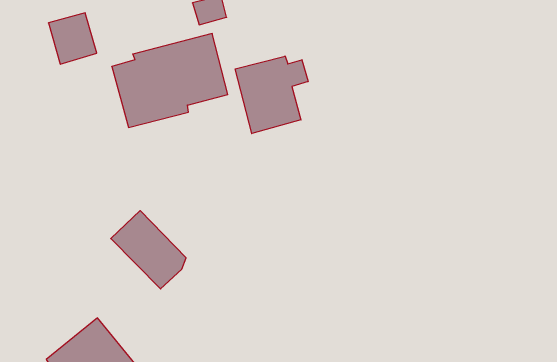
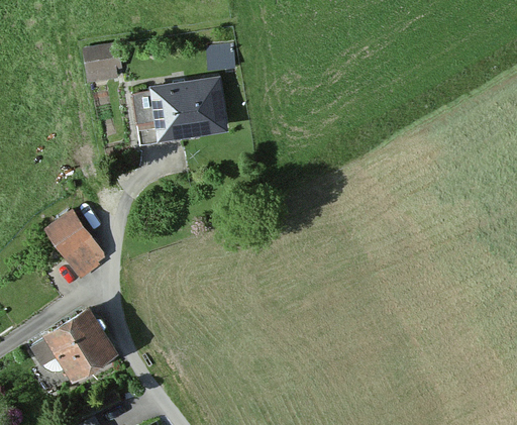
building: [235,56,308,134] -> none
building: [111,211,186,289] -> [42,210,104,279]

